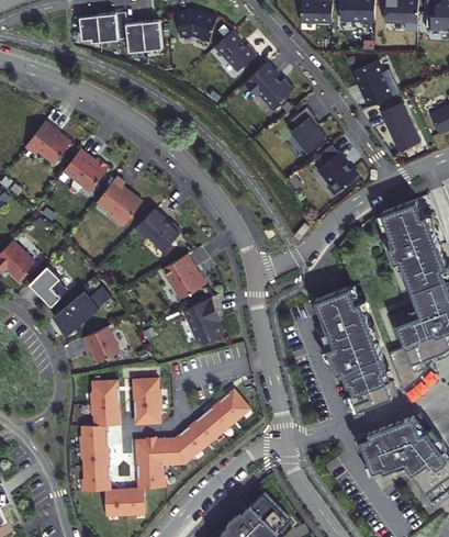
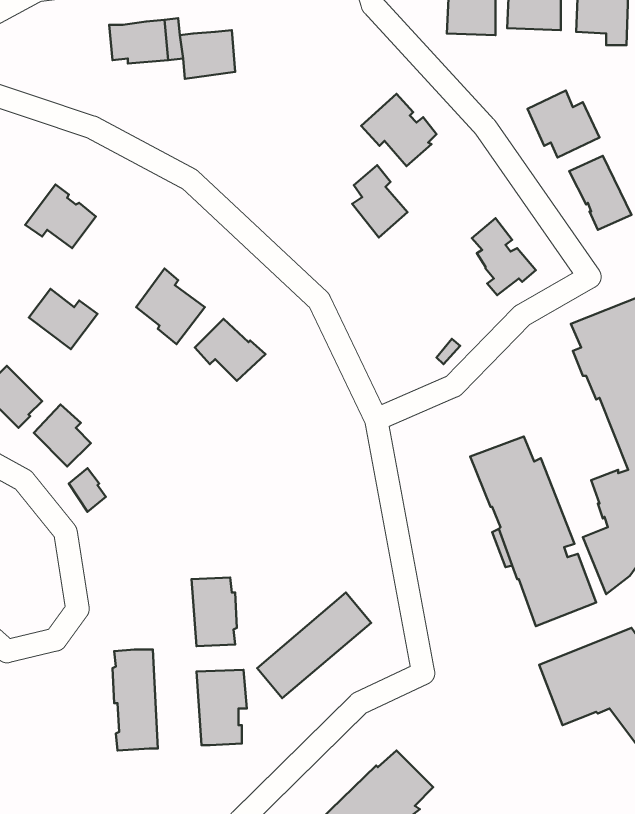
building: [177,11,216,42] -> none
building: [214,32,256,71] -> none
building: [290,107,326,154] -> [352,165,407,237]
building: [64,152,109,191] -> [29,289,98,349]
building: [162,255,206,300] -> none
building: [65,287,111,326] -> none
building: [183,298,223,343] -> none
building: [82,326,120,362] -> none
building: [91,381,121,426] -> none
building: [167,438,192,465] -> none
building: [105,489,146,516] -> none

